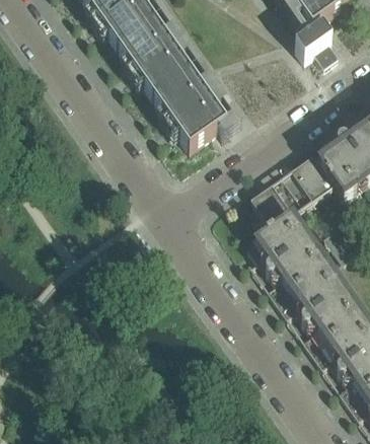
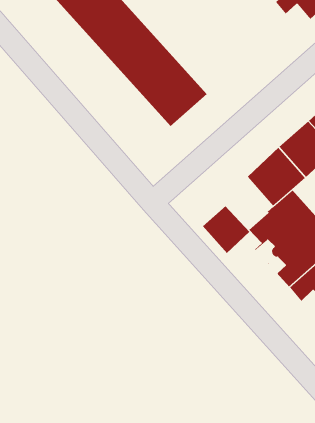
building: none -> [202,205,250,254]

